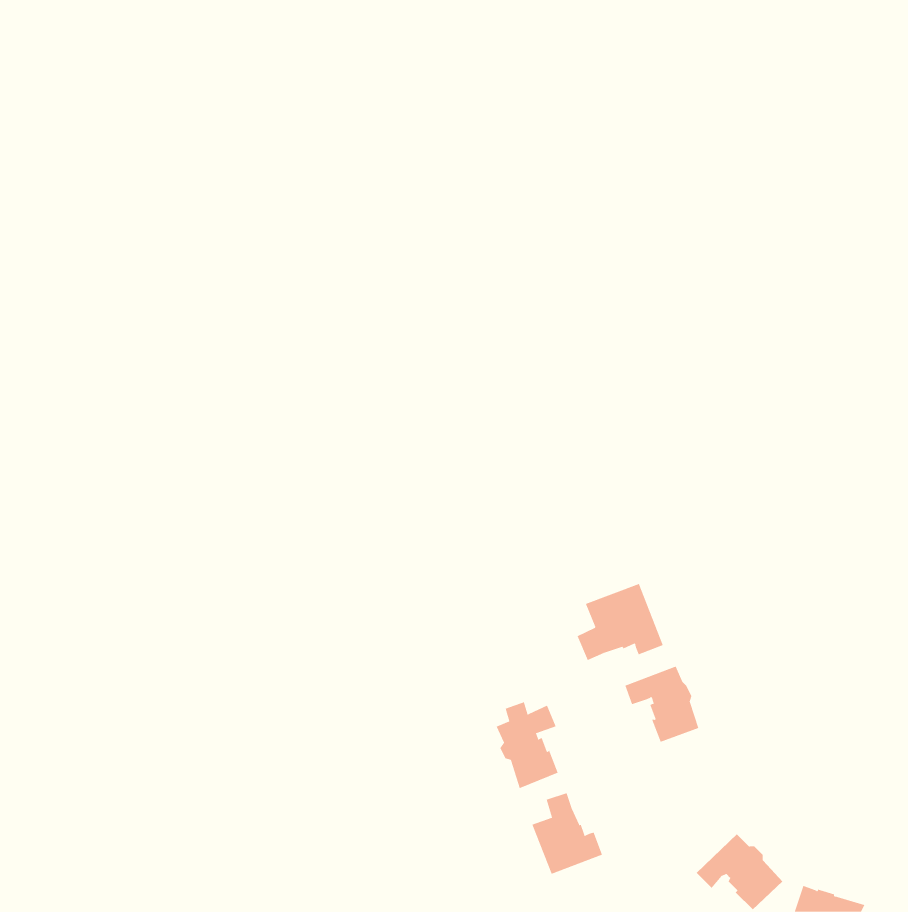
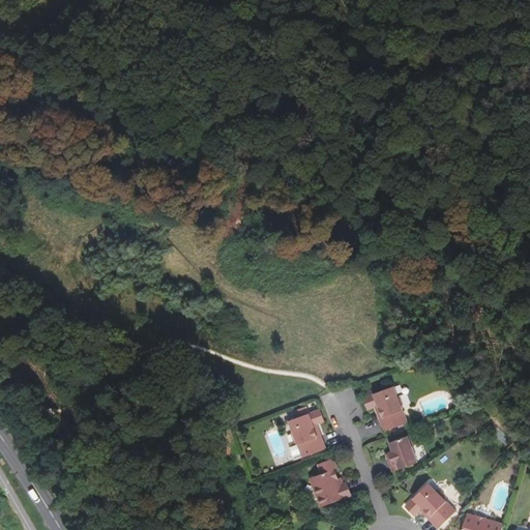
building: [577,583,663,661] -> none
building: none -> [386,435,416,471]

